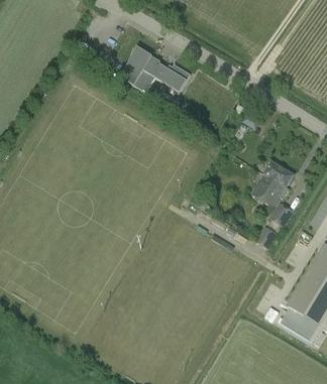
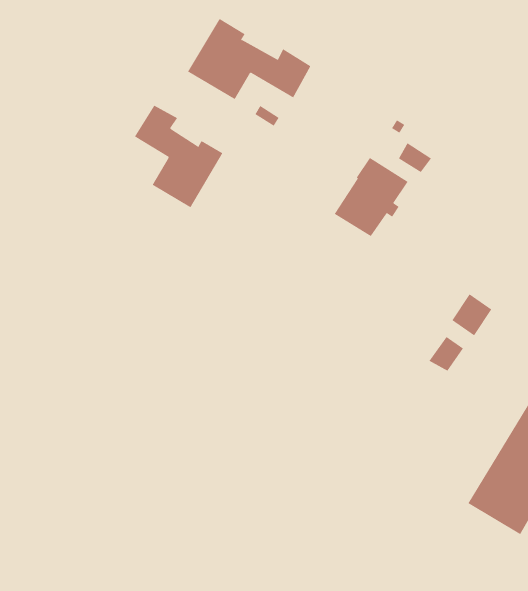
building: none -> [134,105,223,208]
building: [251,160,294,206] -> [334,157,408,237]

